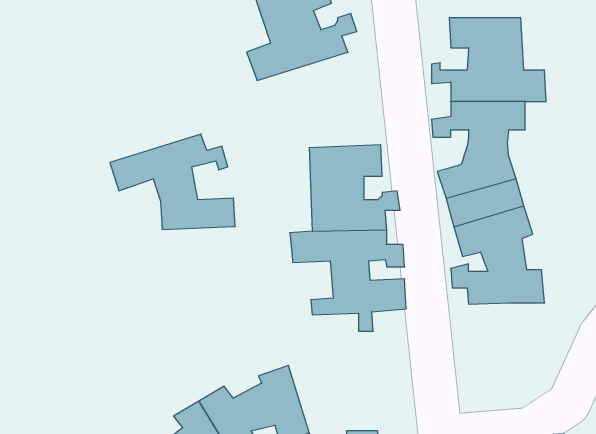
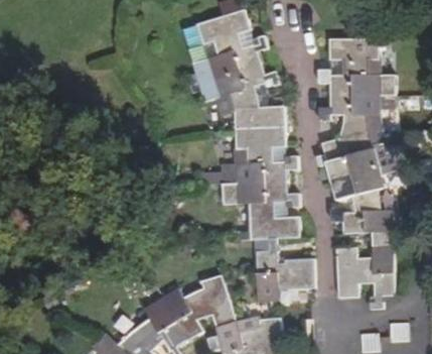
building: [110,134,235,230] -> [199,63,284,127]
building: none -> [336,232,396,310]
building: none -> [256,251,314,301]

